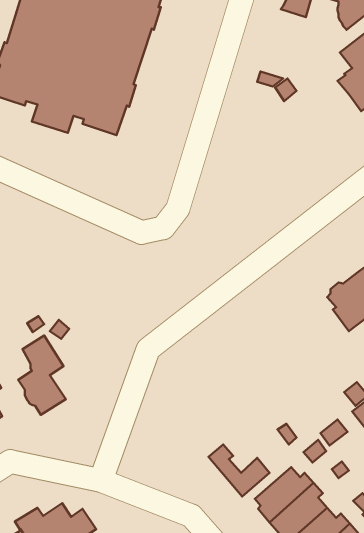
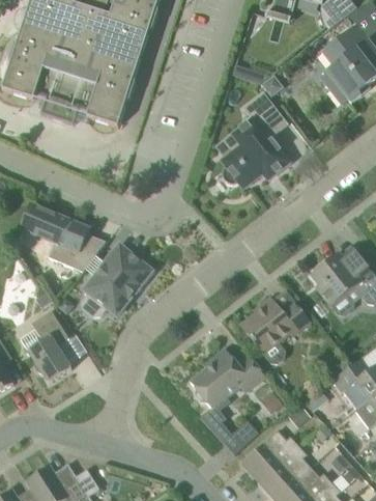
building: none -> [222,94,290,189]
building: none -> [23,204,102,272]
building: none -> [83,245,155,316]
building: none -> [241,300,310,364]
building: none -> [191,349,265,409]

